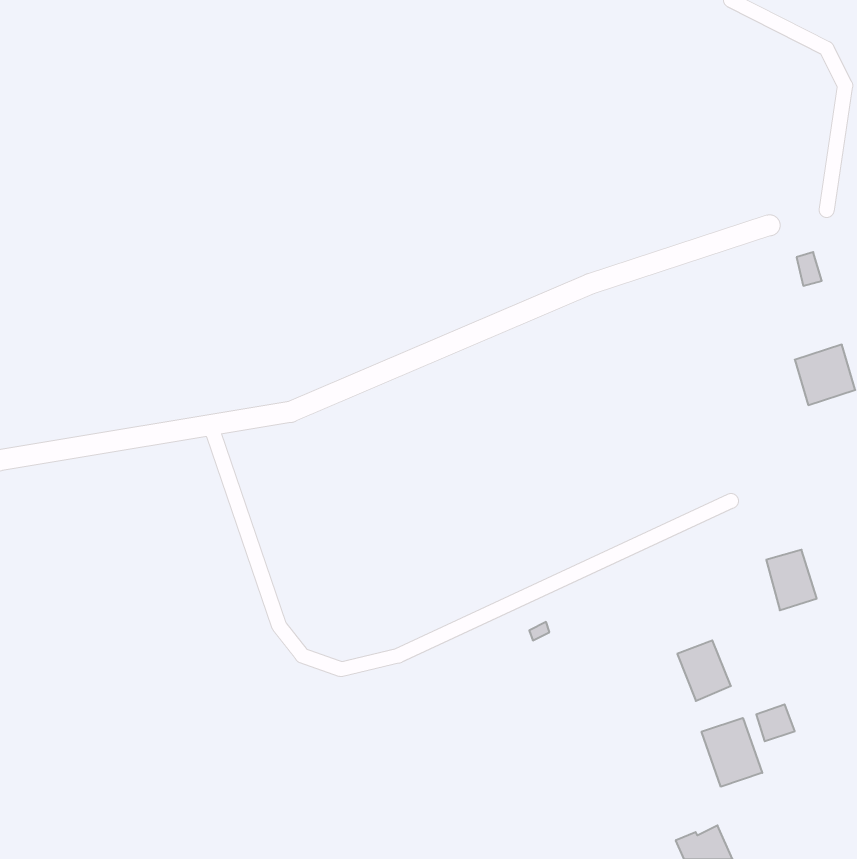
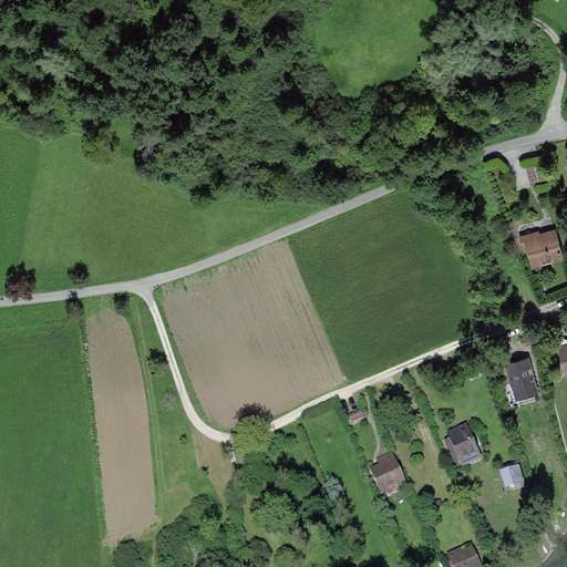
building: none -> [369,452,404,493]
building: [702,718,762,787] -> none

